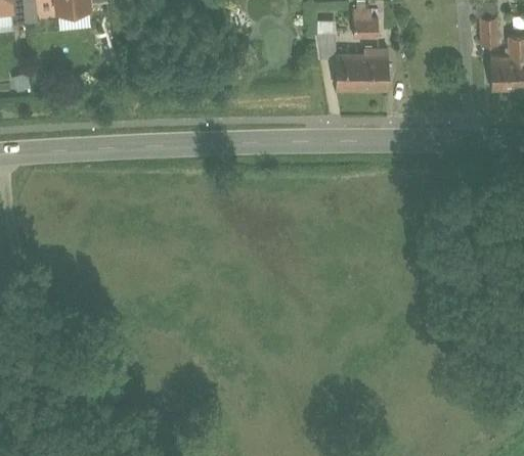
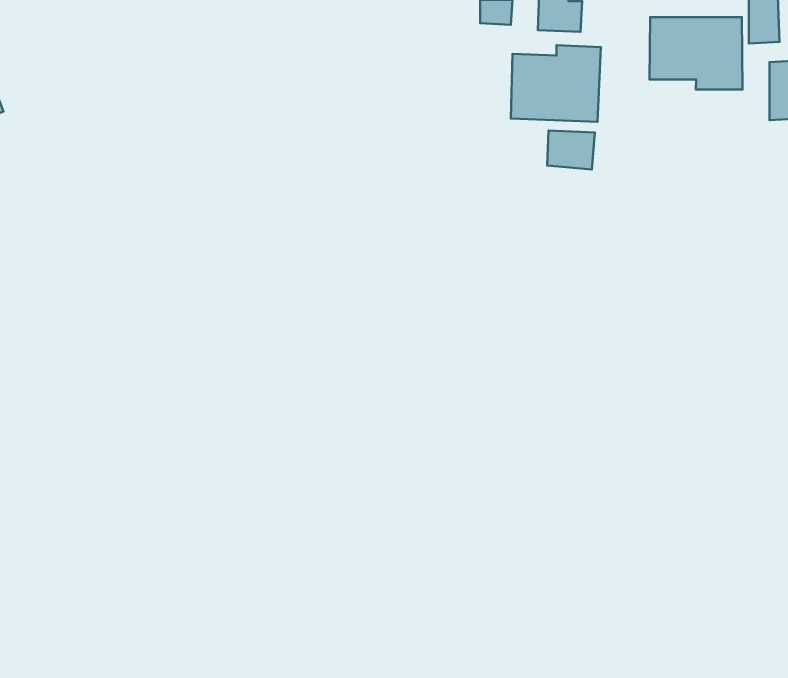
building: none -> [649,17,742,90]
building: none -> [547,131,595,169]

